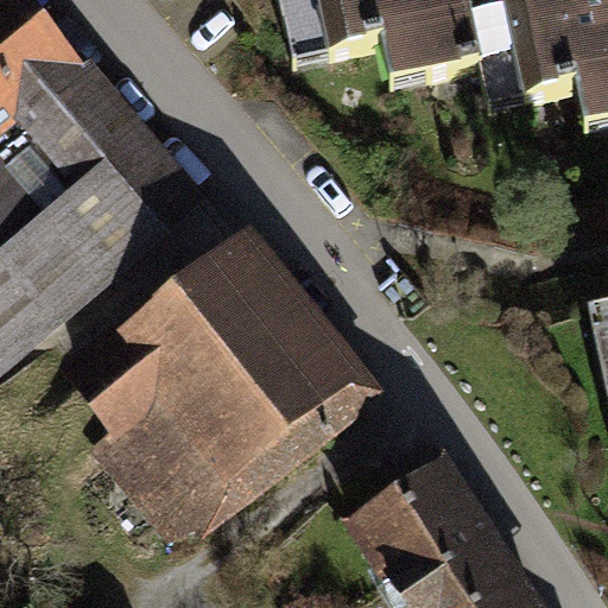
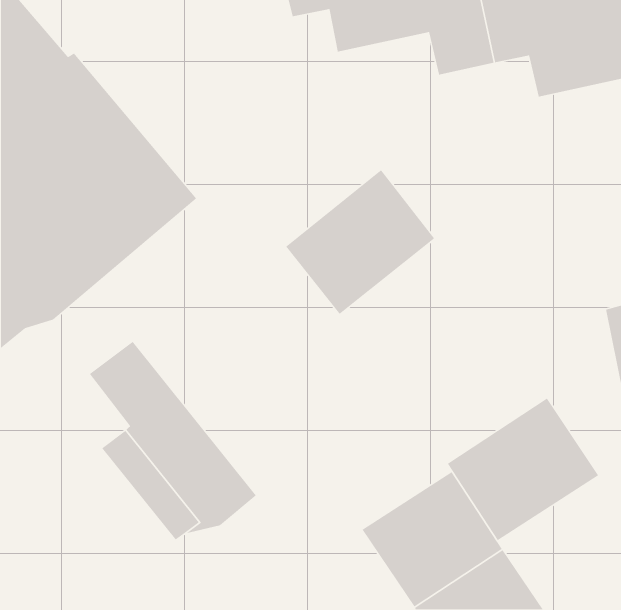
building: none -> [285,169,435,315]
building: [131,252,354,486] -> none
building: none -> [447,398,599,541]

